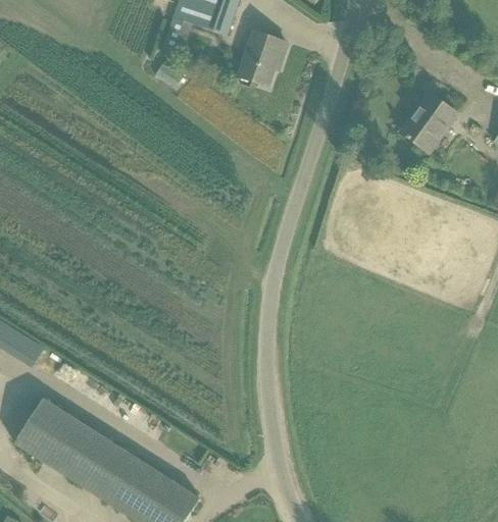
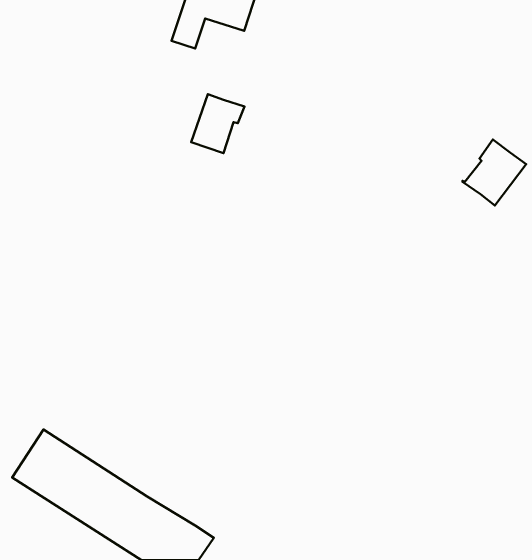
building: [239,32,288,86] -> [191,94,245,153]
building: [401,93,459,153] -> [463,139,526,205]

